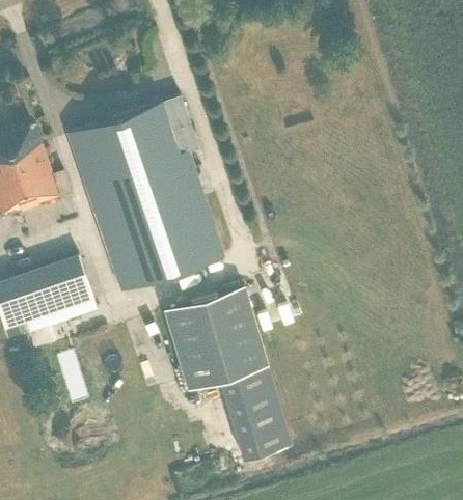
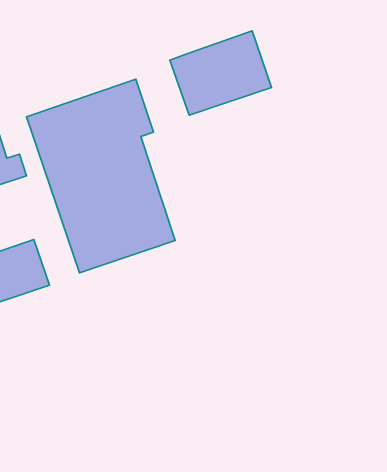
building: none -> [170,31,271,115]
building: [165,288,292,462] -> none

